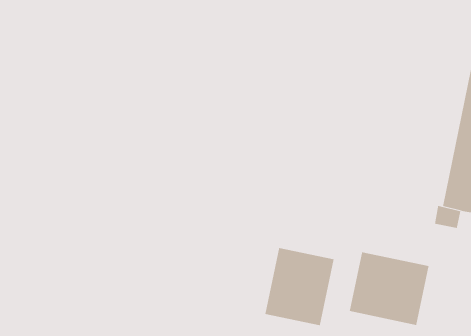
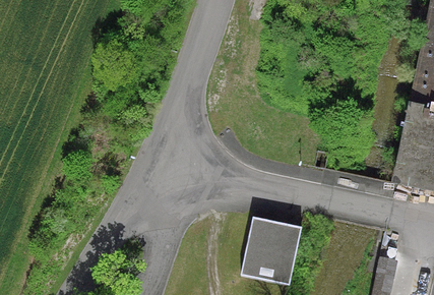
building: [349,251,429,326] -> none

